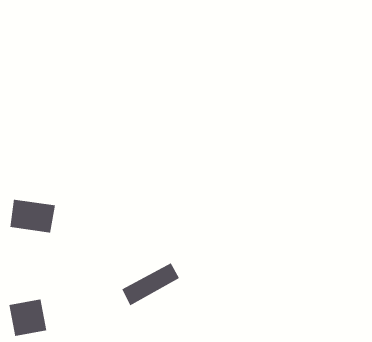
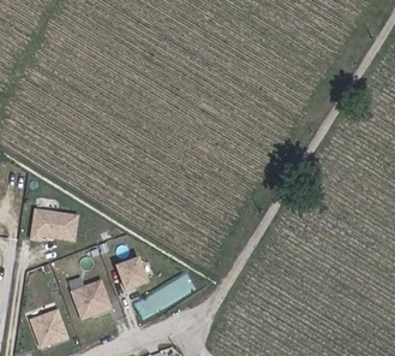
building: none -> [112,255,143,289]
building: none -> [70,277,114,319]

